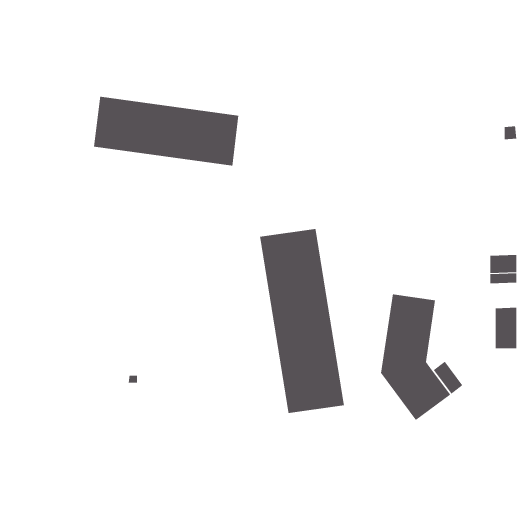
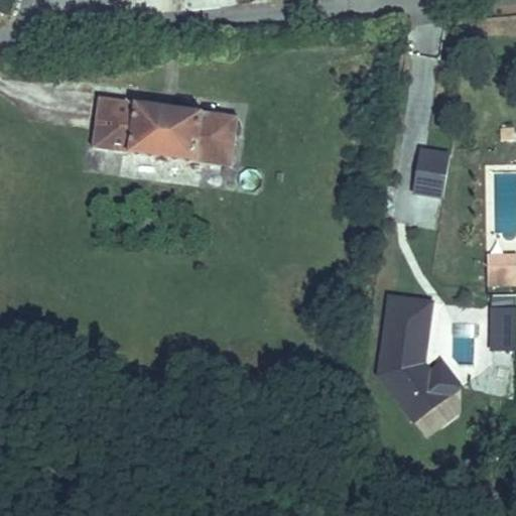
building: none -> [415,149,448,196]
building: [260,228,345,414] -> none

